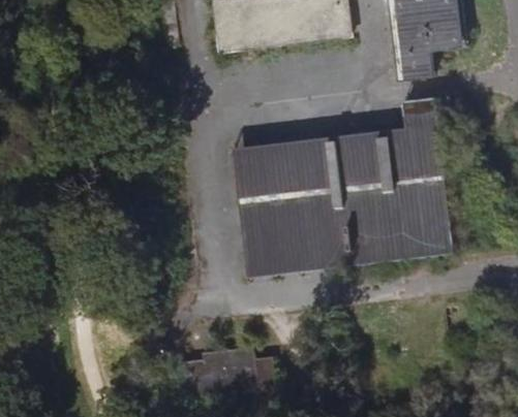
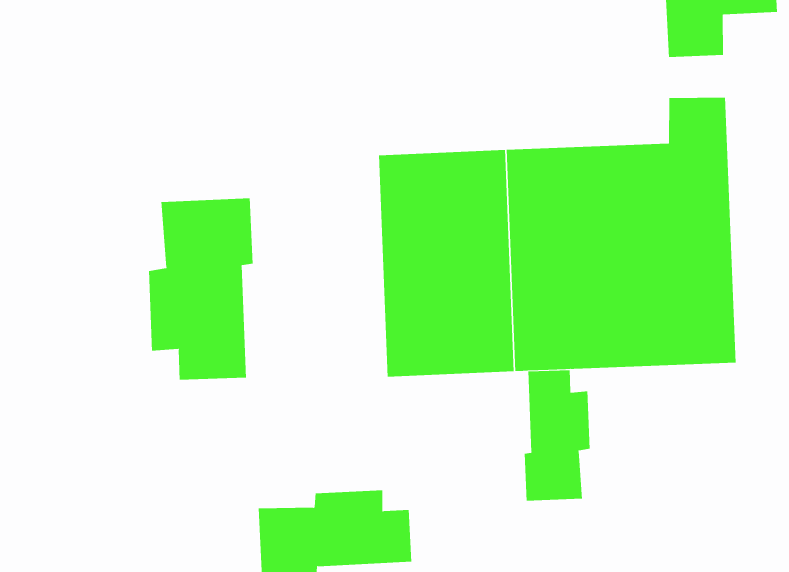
building: none -> [148,198,253,381]
building: none -> [524,369,590,501]

